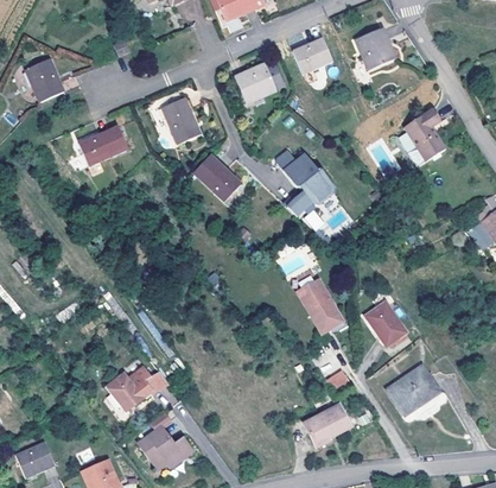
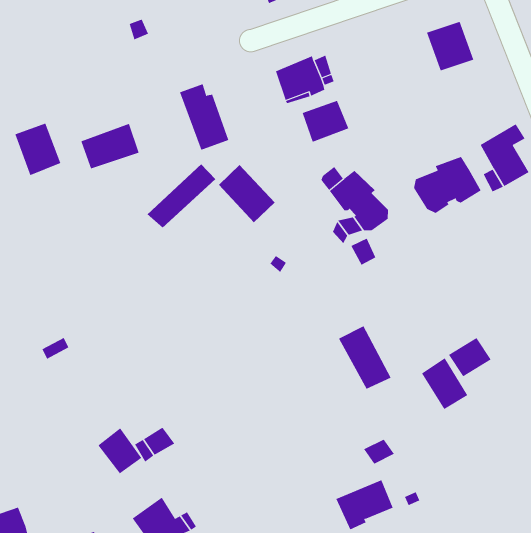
building: [293,37,332,72] -> [302,100,349,143]
building: [25,58,64,102] -> [15,123,61,176]
building: none -> [414,156,482,214]
building: none -> [147,163,216,229]
building: none -> [448,337,491,377]
building: [389,367,438,413] -> none

